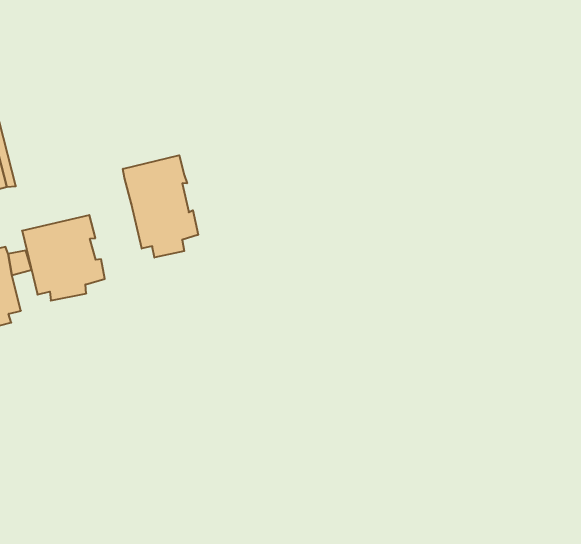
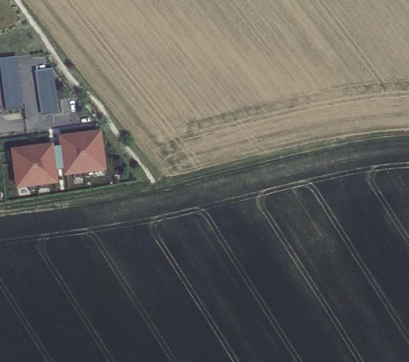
building: [123,155,198,258] -> none

